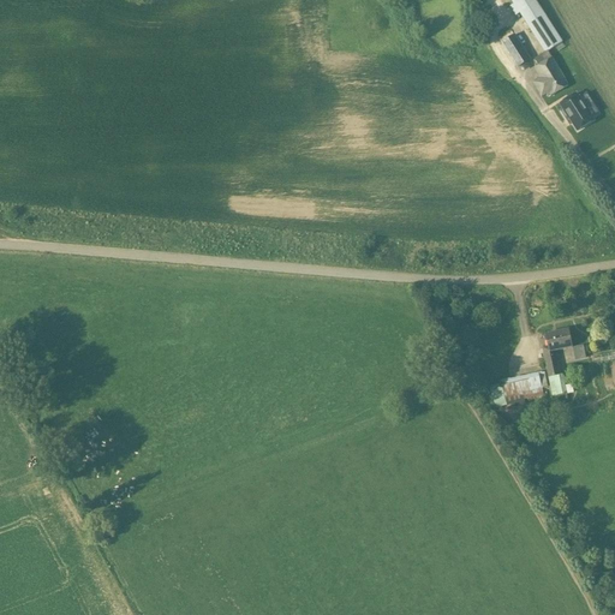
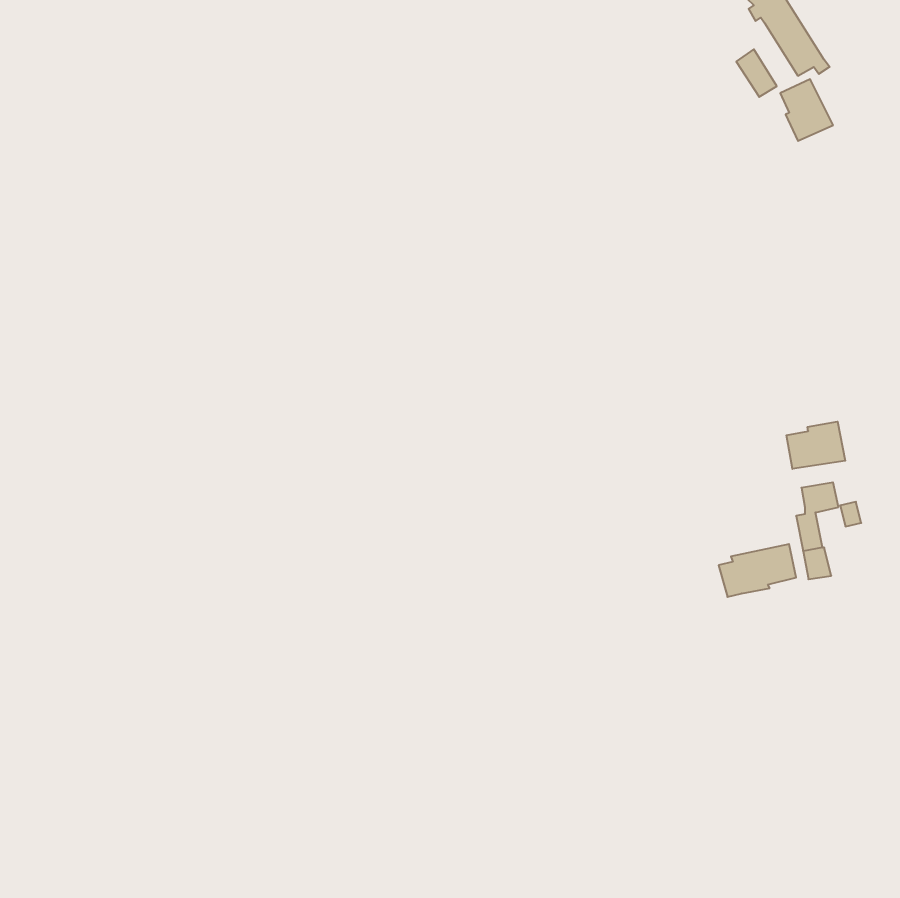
building: [560,92,595,130] -> none
building: none -> [786,422,845,469]

